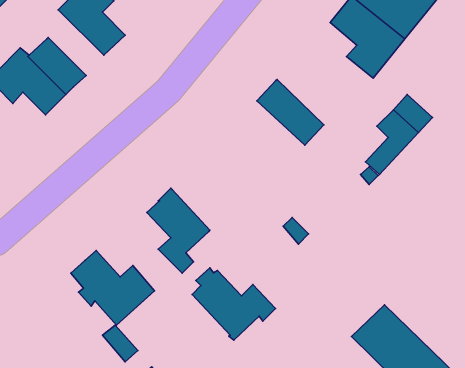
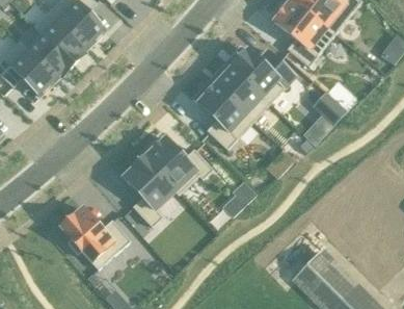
building: none -> [33,9,87,63]
building: none -> [228,49,294,104]
building: none -> [196,84,252,149]
building: [192,268,276,340] -> [143,135,212,195]

